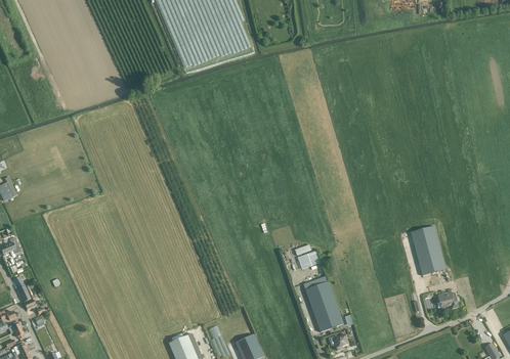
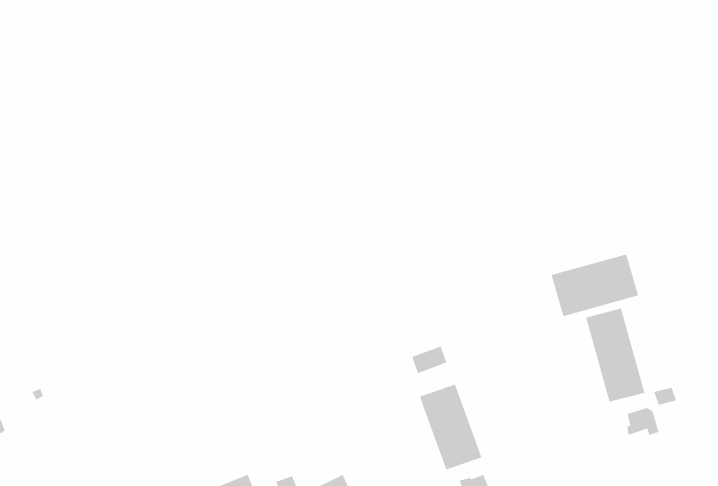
building: none -> [550,253,639,317]

